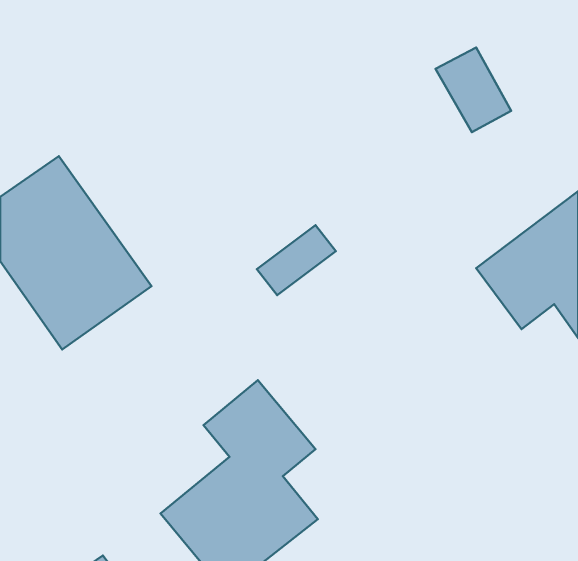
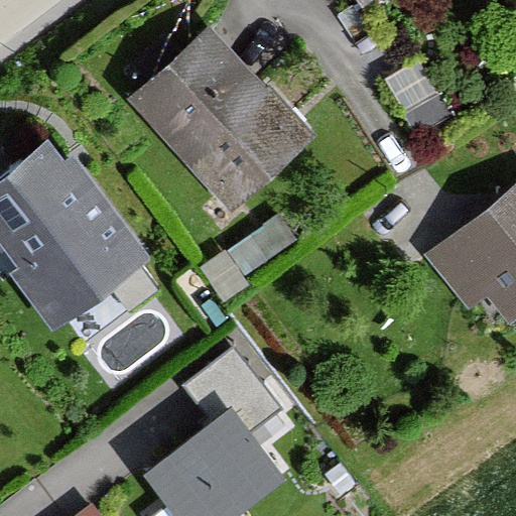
building: none -> [140,35,307,207]

